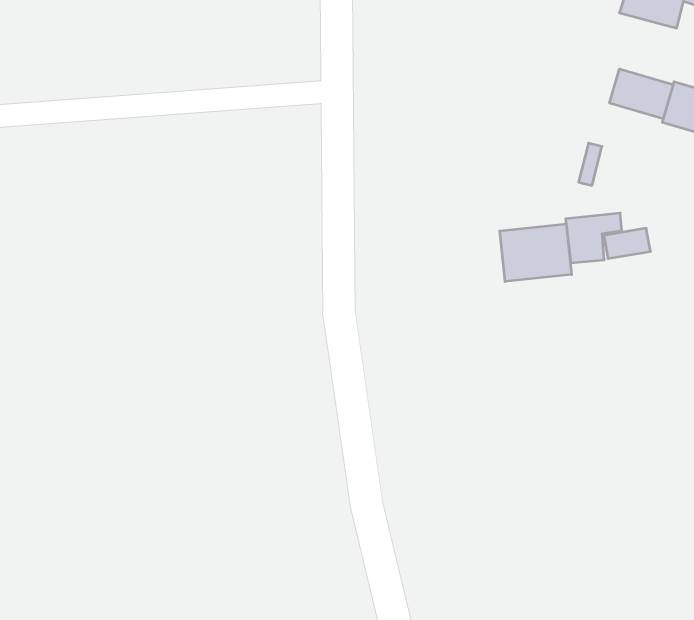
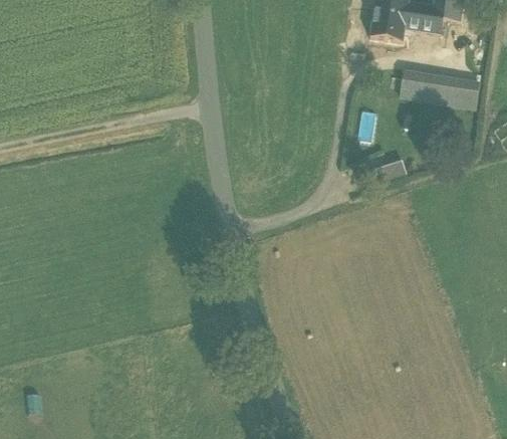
building: [610,69,673,119] -> none
building: [500,224,572,282] -> none

